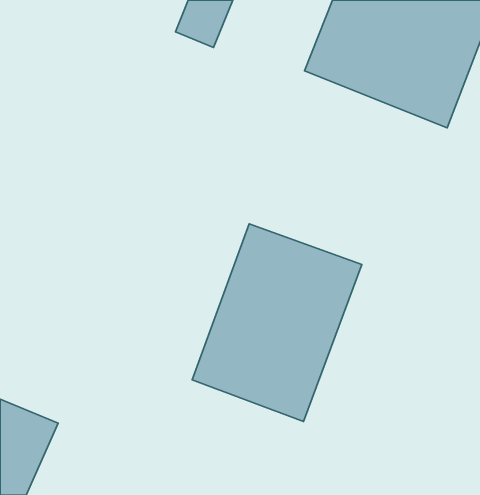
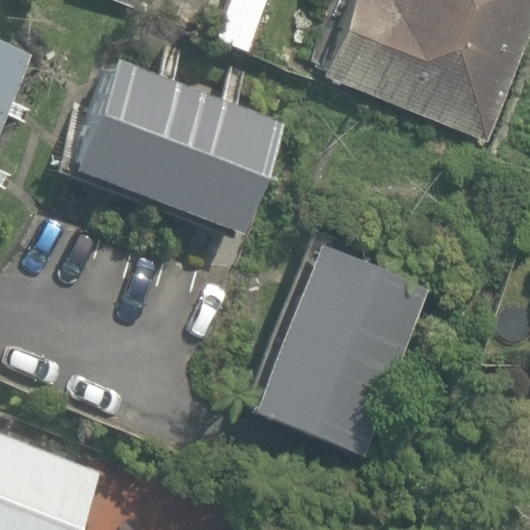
building: none -> [48,58,259,220]

